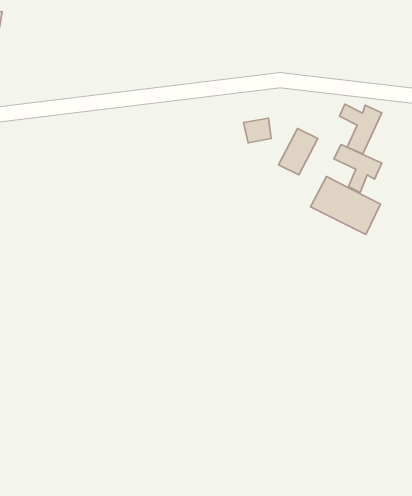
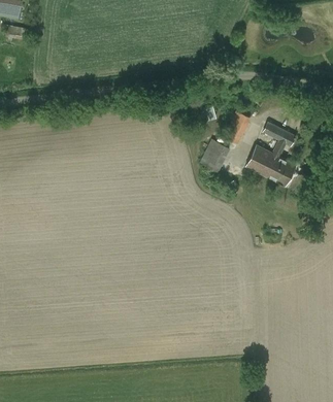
building: [340,104,382,154] -> none
building: none -> [200,138,231,172]

